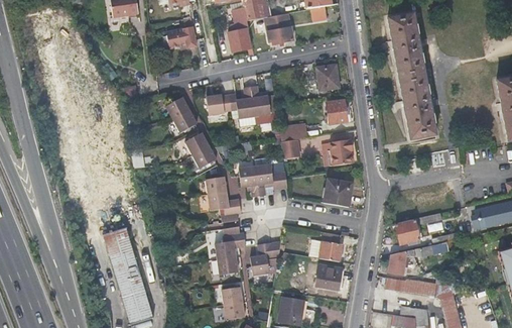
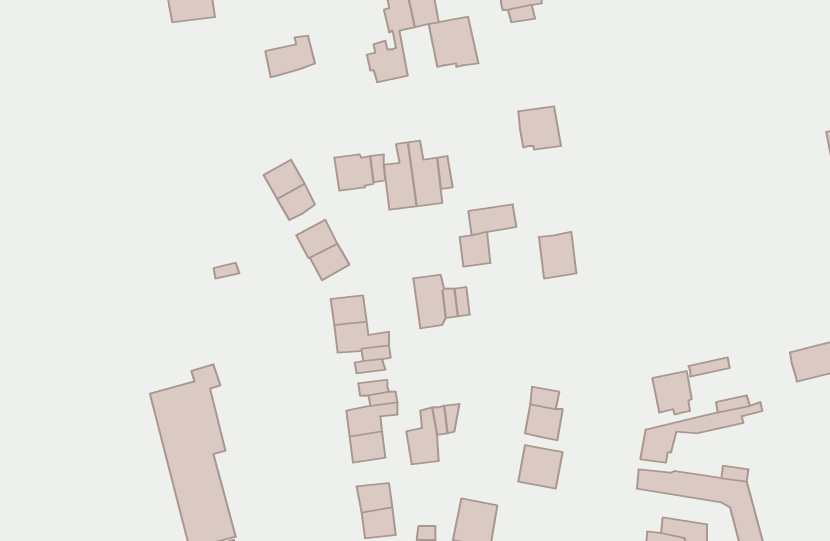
building: [388,14,436,139] -> none
building: [325,100,346,125] -> none
building: [239,167,259,197] -> none
building: [326,180,354,207] -> none

